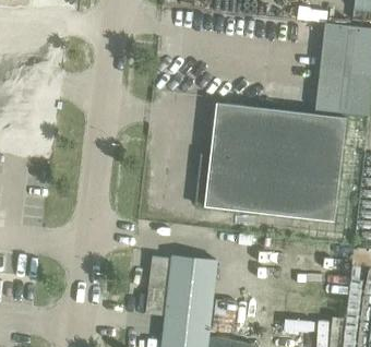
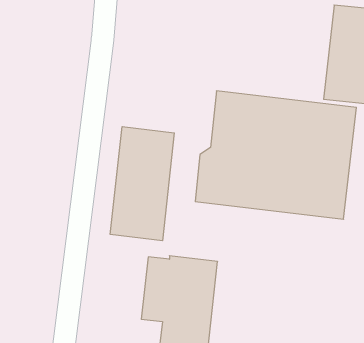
building: none -> [110,127,174,241]

